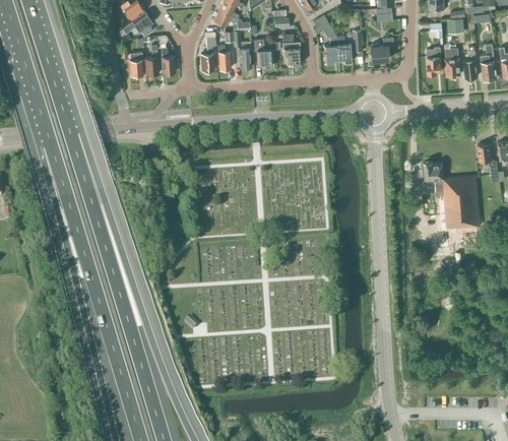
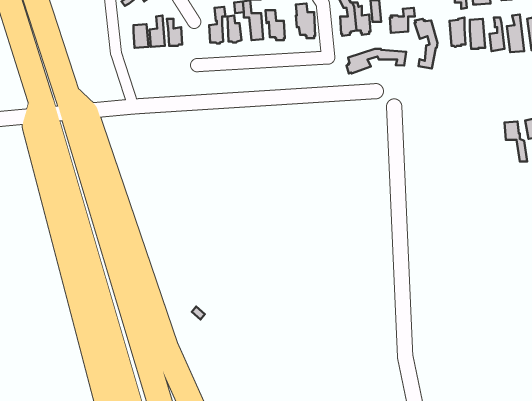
building: none -> [415,19,438,68]
building: none -> [346,49,406,73]
building: [424,163,480,229] -> none

